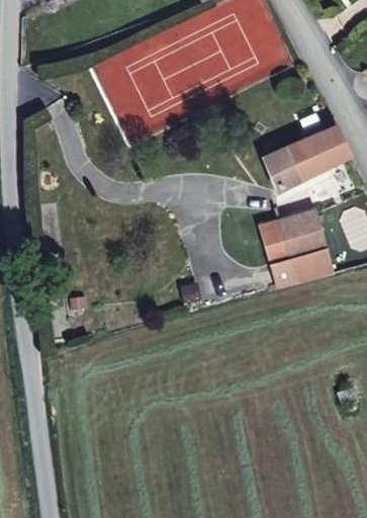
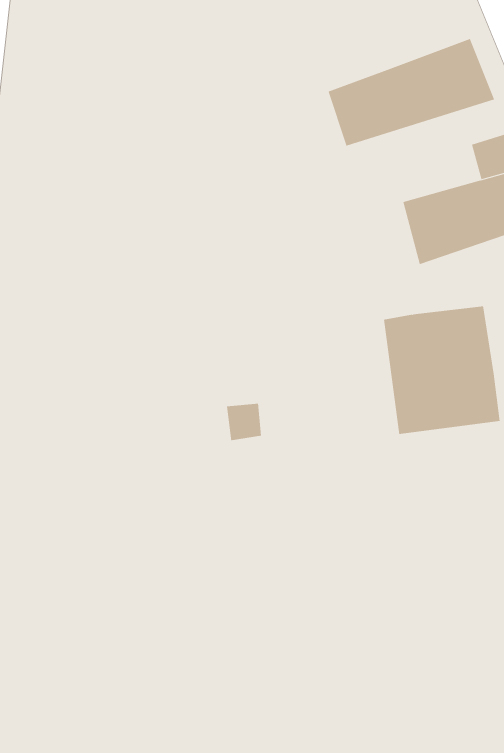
building: none -> [328,38,495,147]

